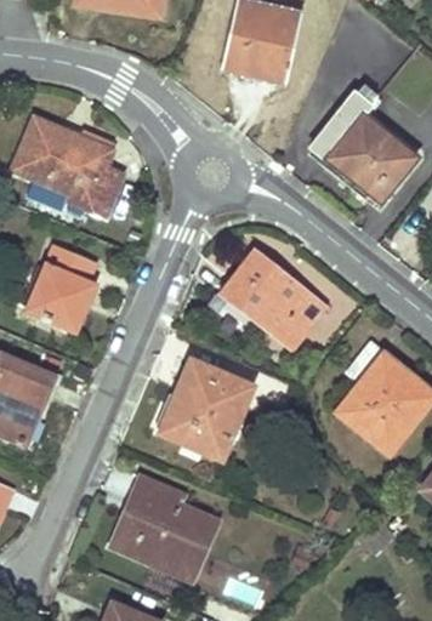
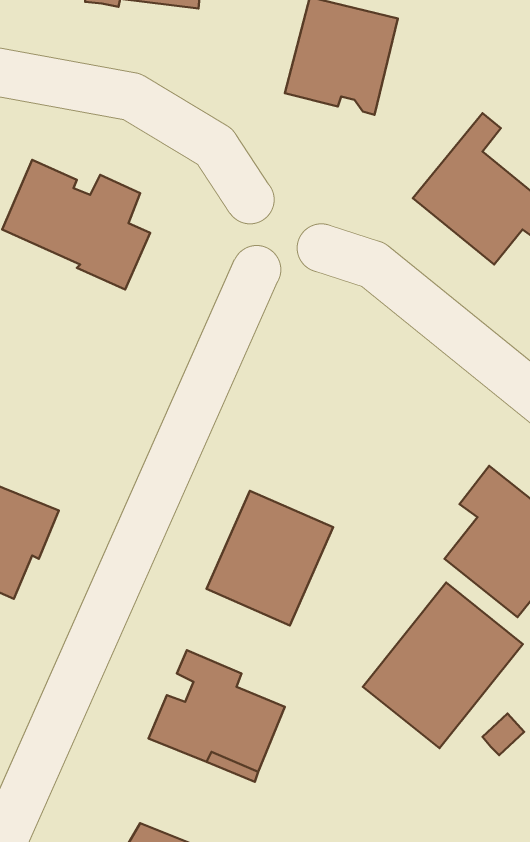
building: [29,247,92,329] -> none
building: [223,256,328,340] -> none
building: none -> [363,583,523,748]

